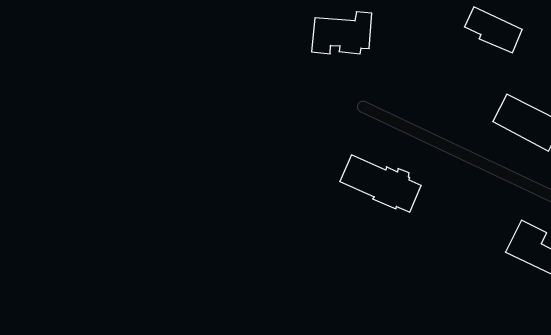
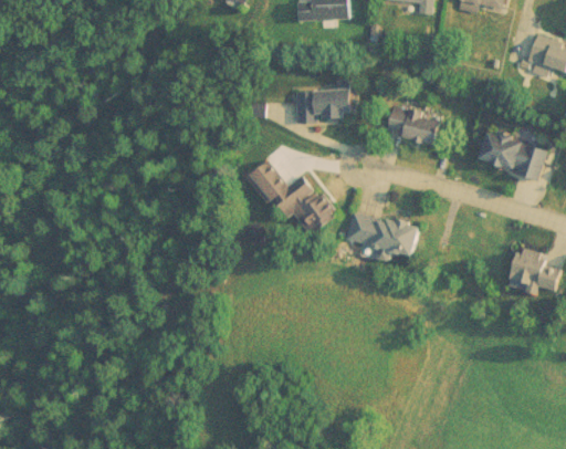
building: [464,7,522,53] -> [387,109,441,146]
building: none -> [242,157,333,238]

